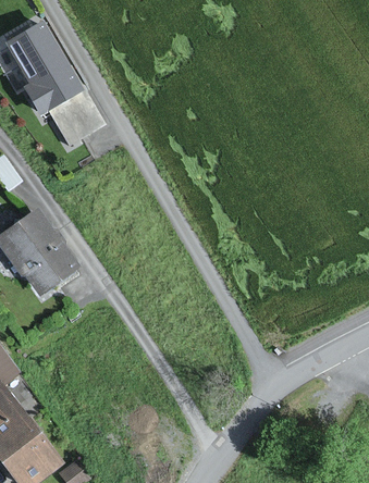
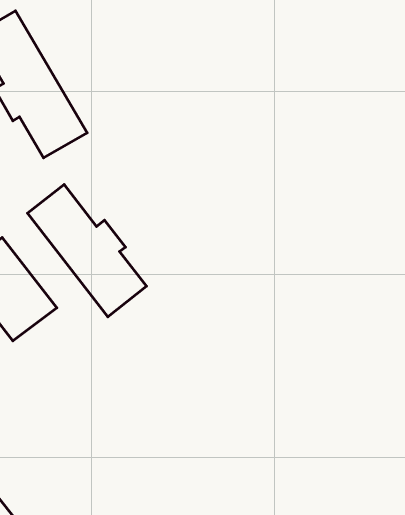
building: none -> [28,185,147,317]

